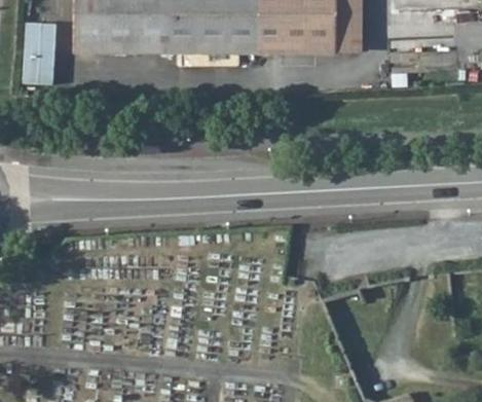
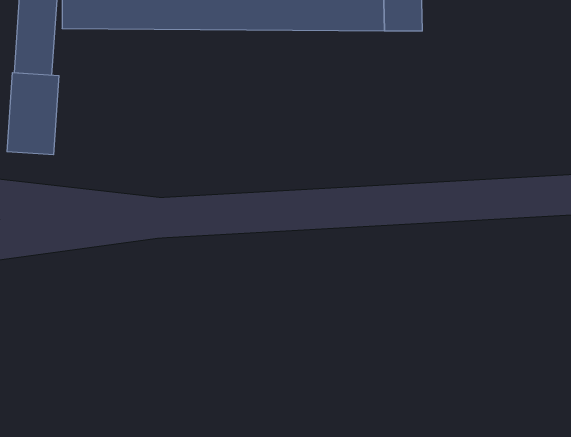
building: none -> [7,73,59,155]

